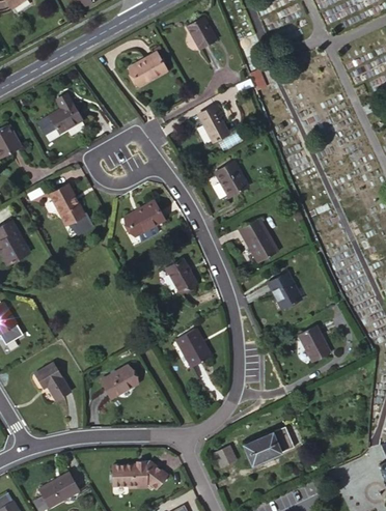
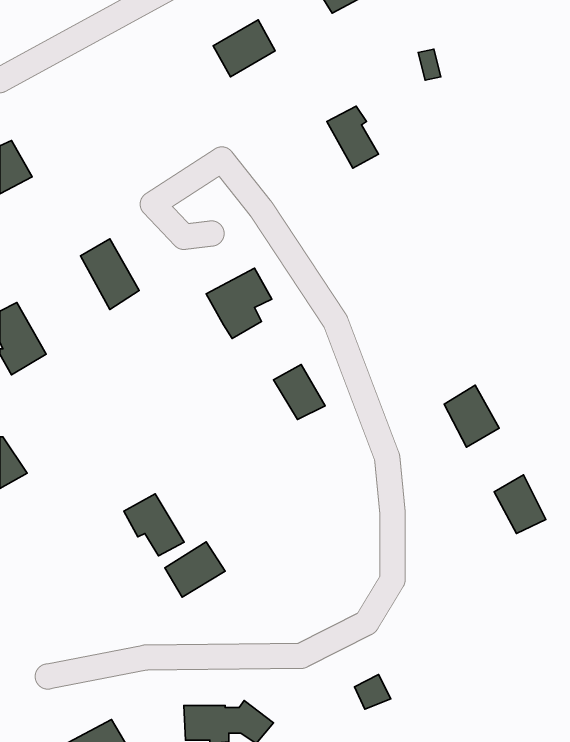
building: [38,93,83,133] -> none
building: [216,162,248,197] -> none
building: [240,218,278,263] -> none
building: [176,329,212,367] -> none
building: [35,363,72,400] -> [124,494,184,556]
building: [244,427,294,463] -> none

